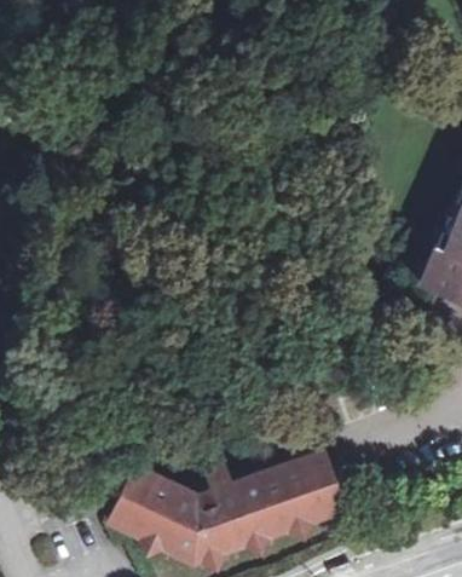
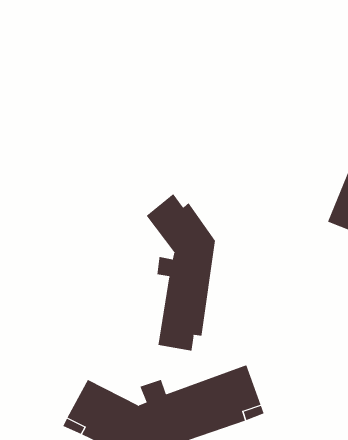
building: none -> [146,193,216,351]

